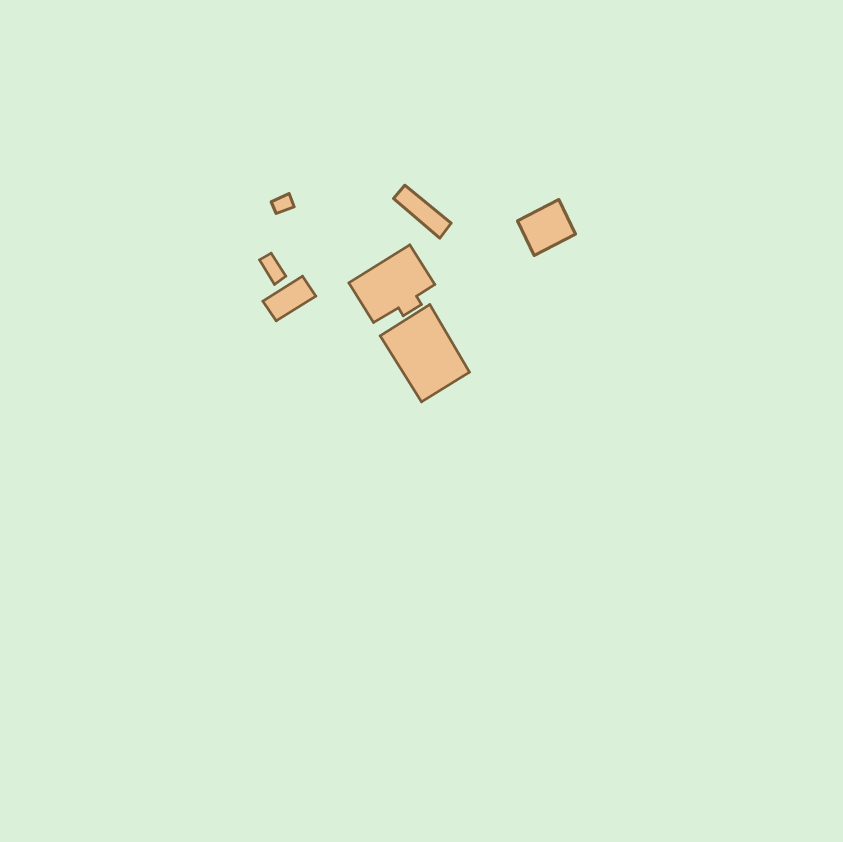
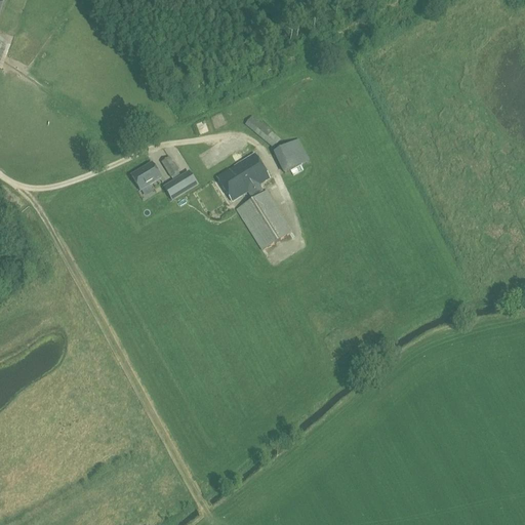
building: [518,199,575,256] -> [273,137,309,172]
building: none -> [130,162,160,190]

